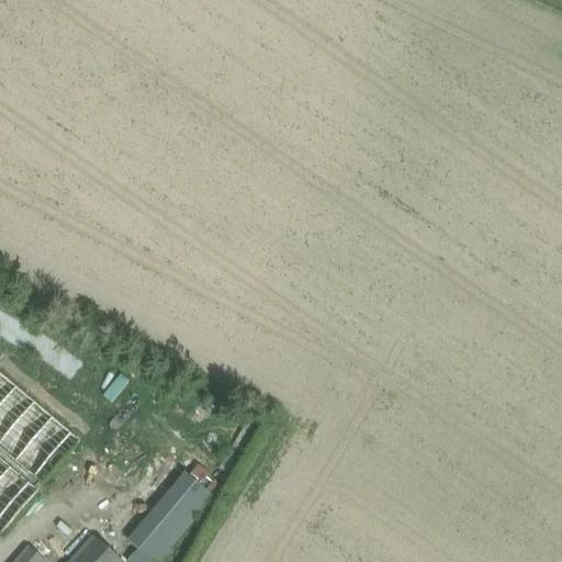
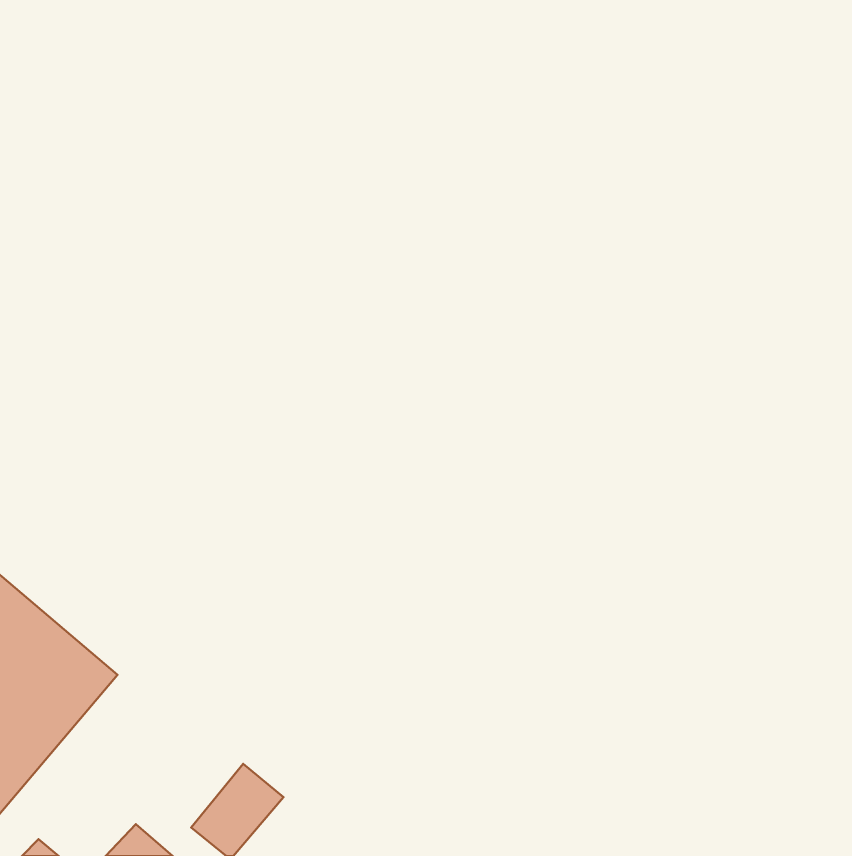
building: [159,472,209,521] -> none

